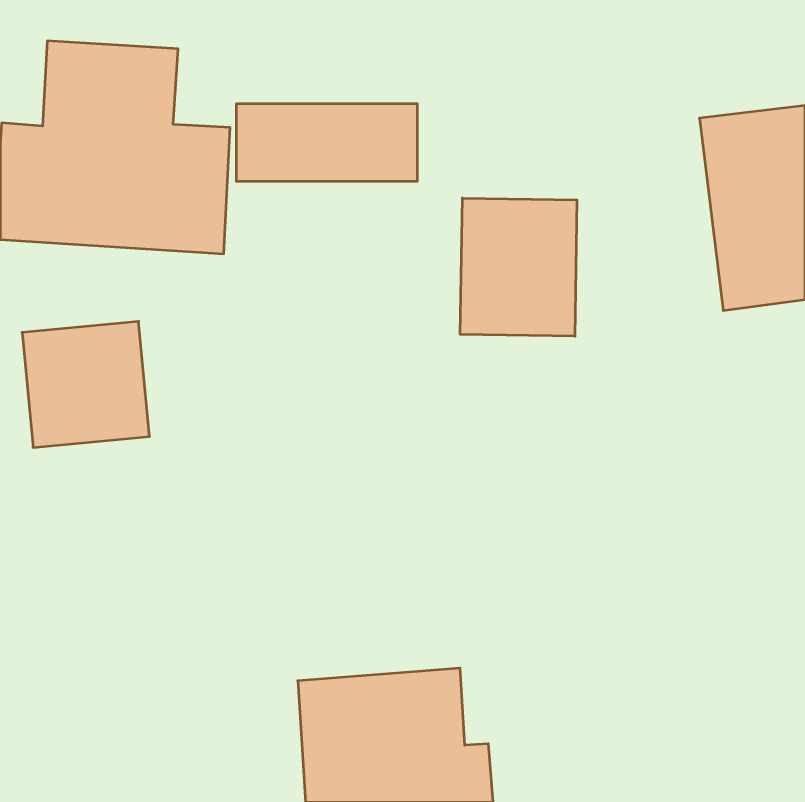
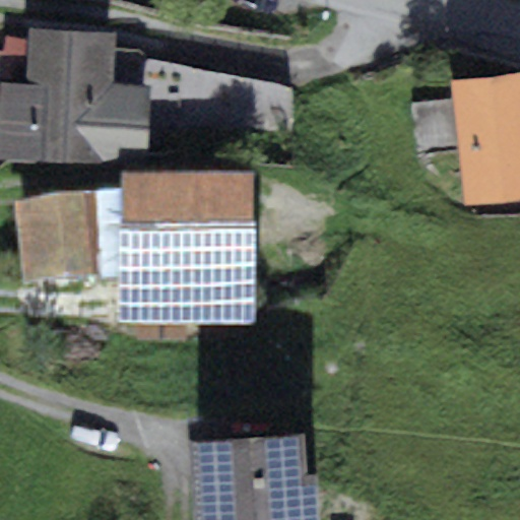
building: [460,198,577,336] -> none
building: none -> [119,190,256,328]

